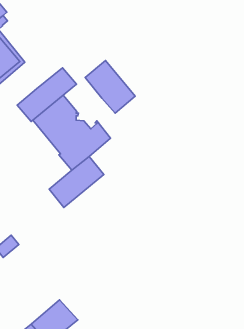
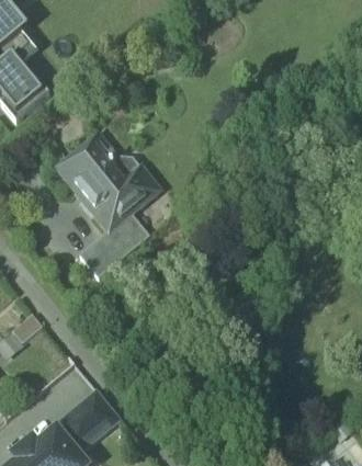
building: [85,60,135,113] -> none
building: [17,68,76,122] -> none

